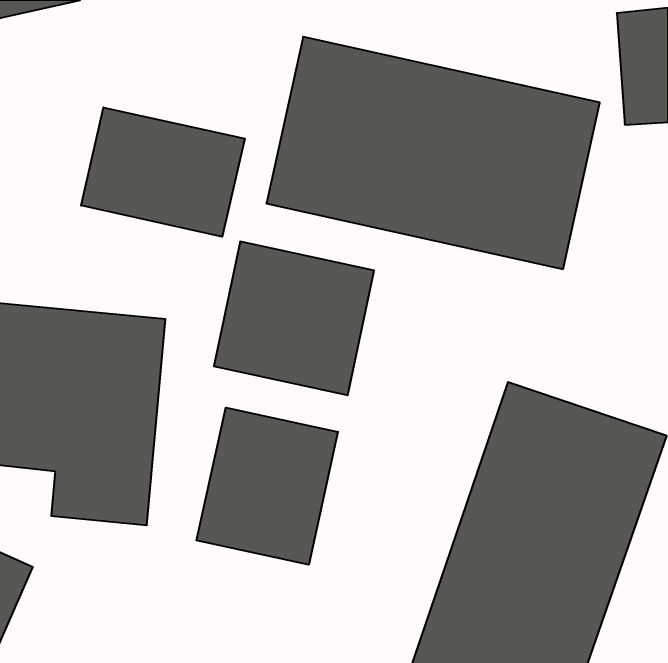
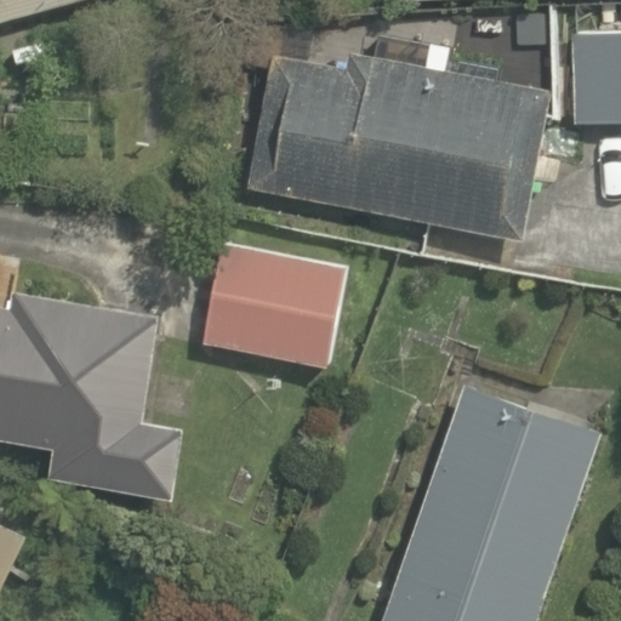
building: [81,107,245,237] -> none
building: [196,408,338,565] -> none

